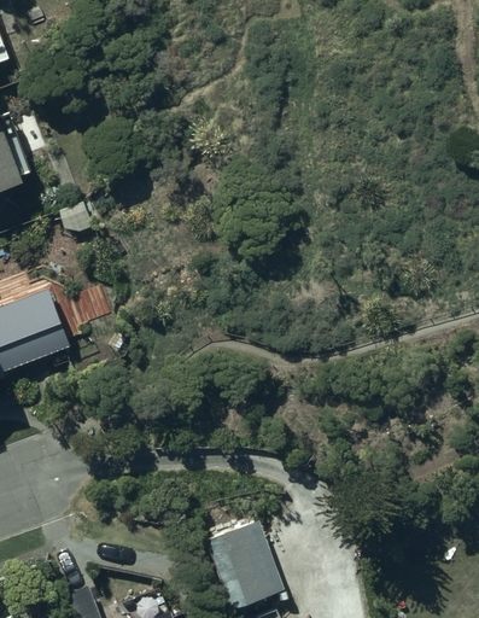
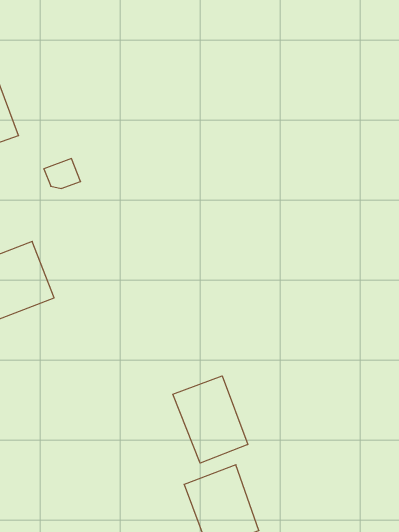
building: none -> [173,376,248,463]

